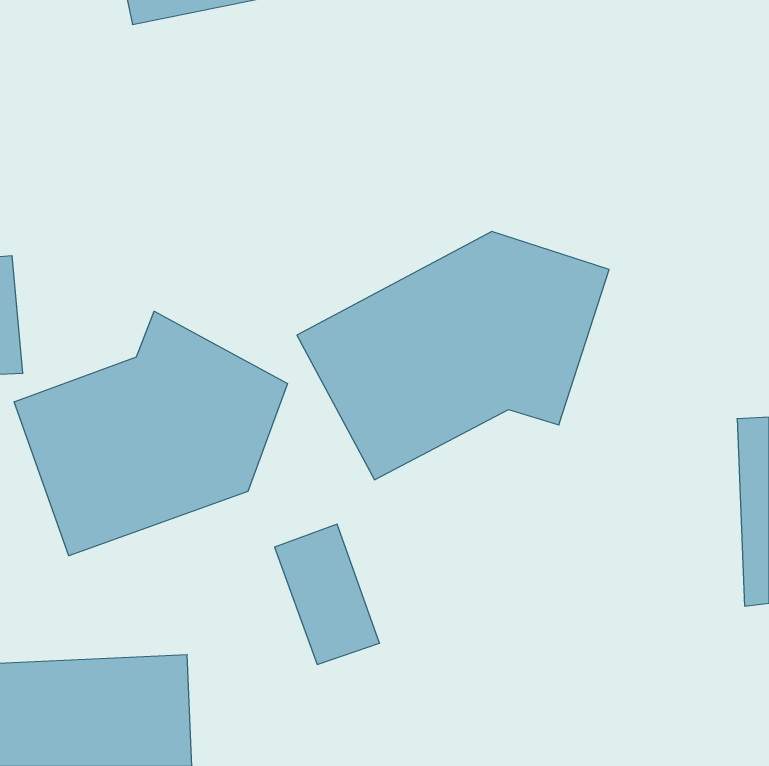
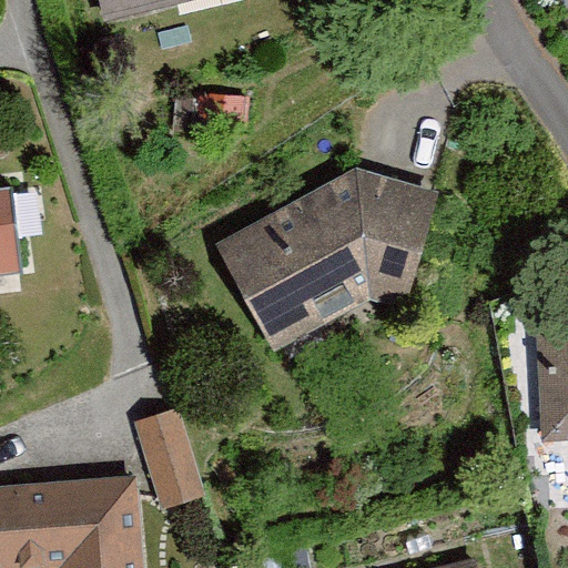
building: [14,311,287,556] -> none
building: [275,524,380,664] -> [129,408,205,510]

